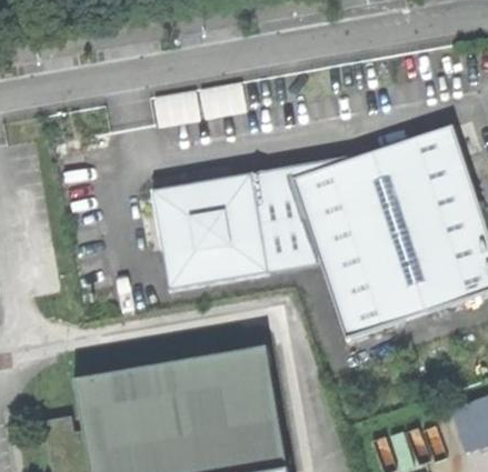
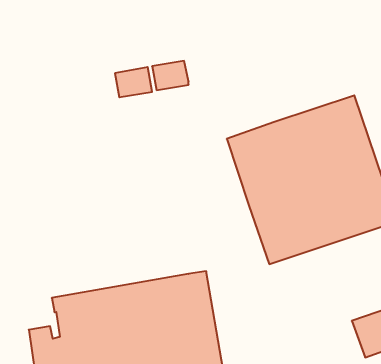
building: [157,154,351,290] -> none

